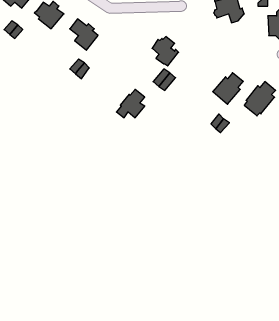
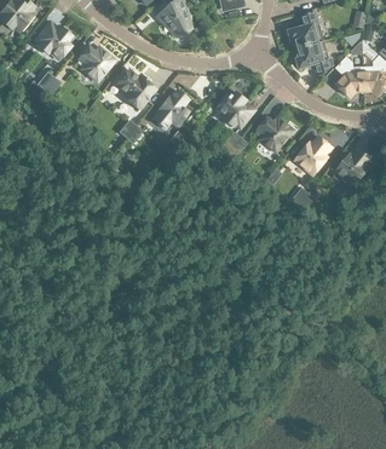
building: none -> [335,56,363,96]
building: none -> [255,116,290,150]
building: [116,89,145,118] -> [152,90,188,125]

